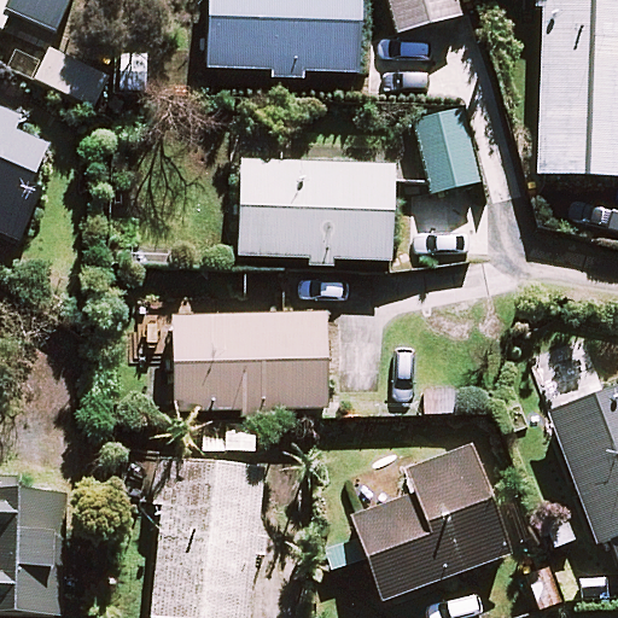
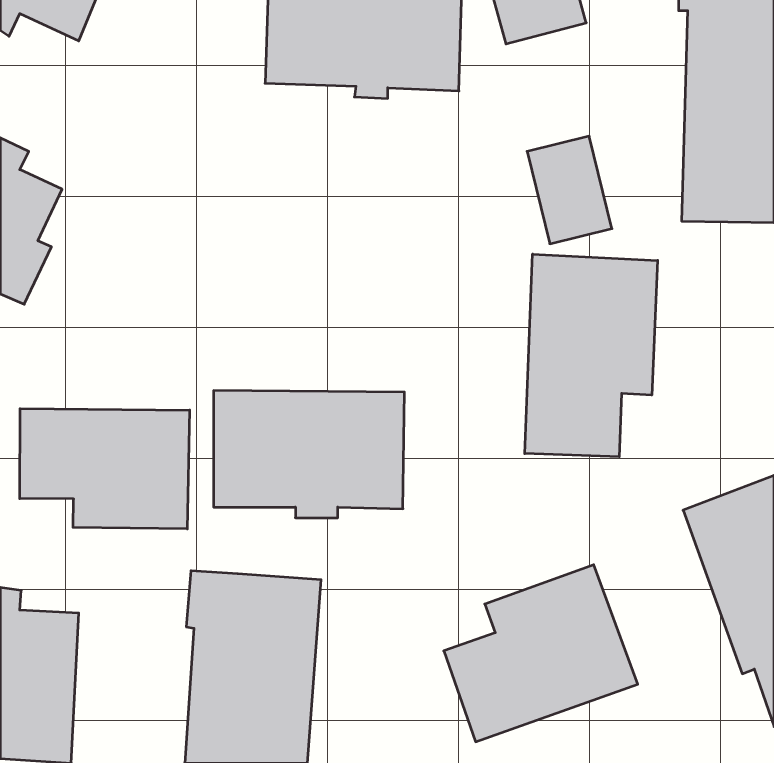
building: [243,159,401,268] -> none
building: none -> [525,254,658,457]
building: none -> [20,409,190,529]

